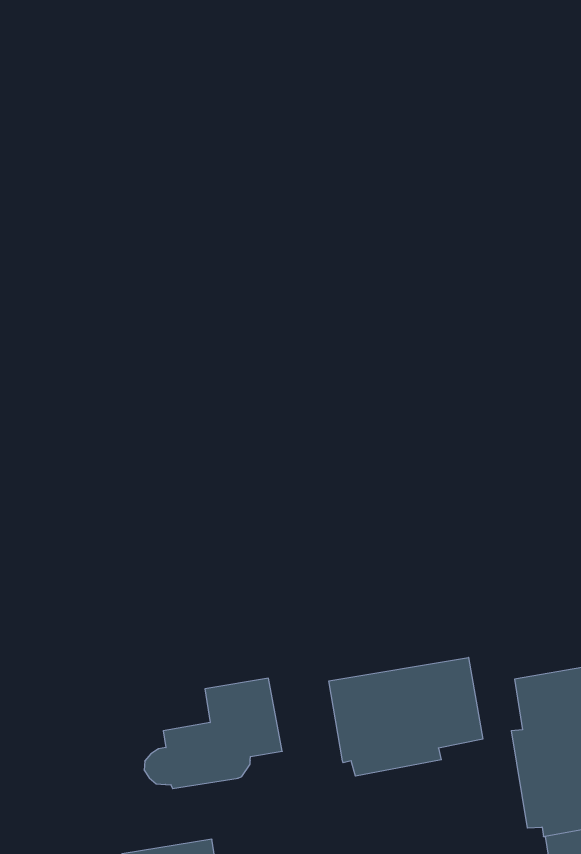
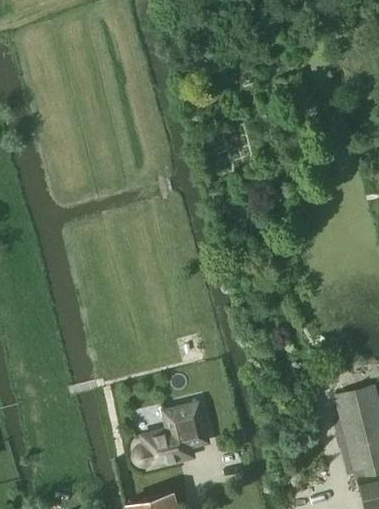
building: [329,657,483,776] -> none

